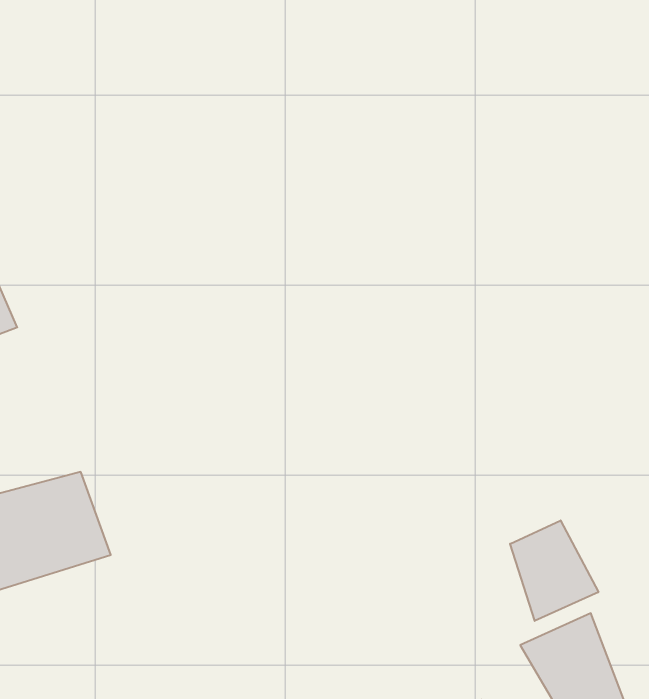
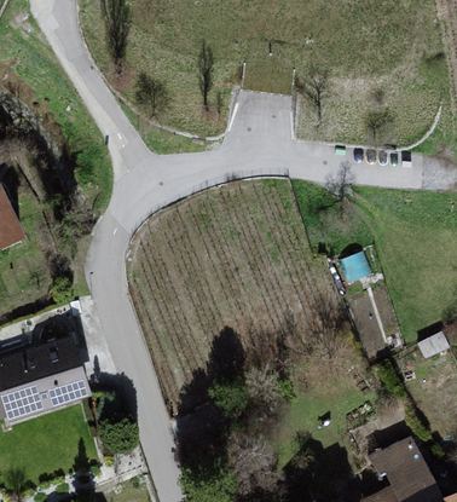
building: [510,520,598,621] -> none

